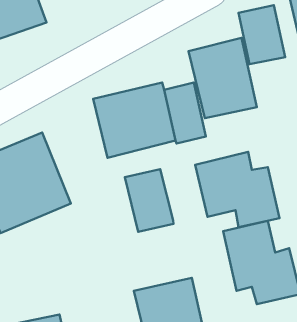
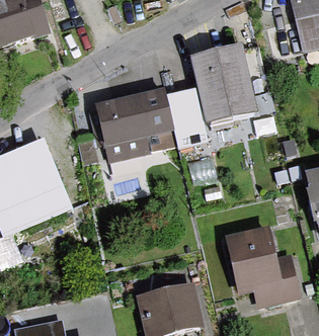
building: [238,5,285,64] -> none
building: [195,152,280,227] -> none
building: [125,169,173,232] -> none

